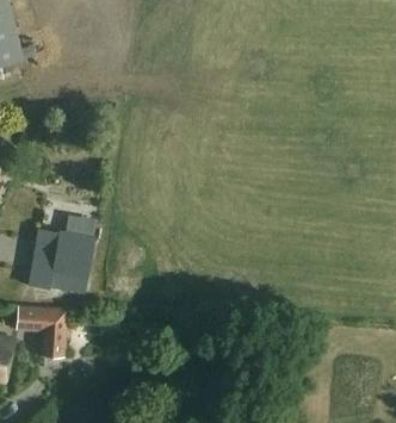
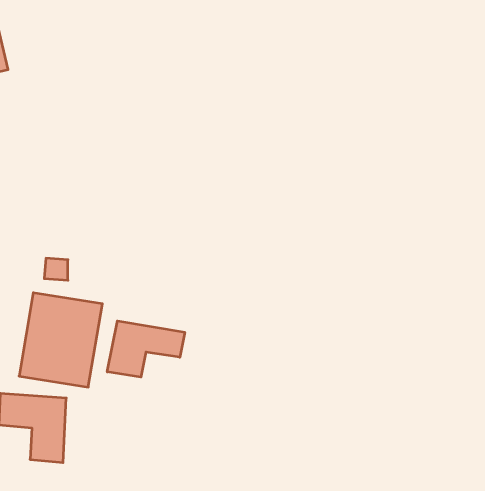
building: none -> [107,321,185,377]

